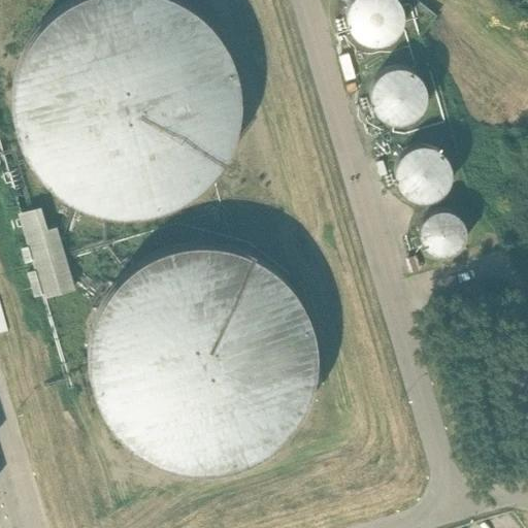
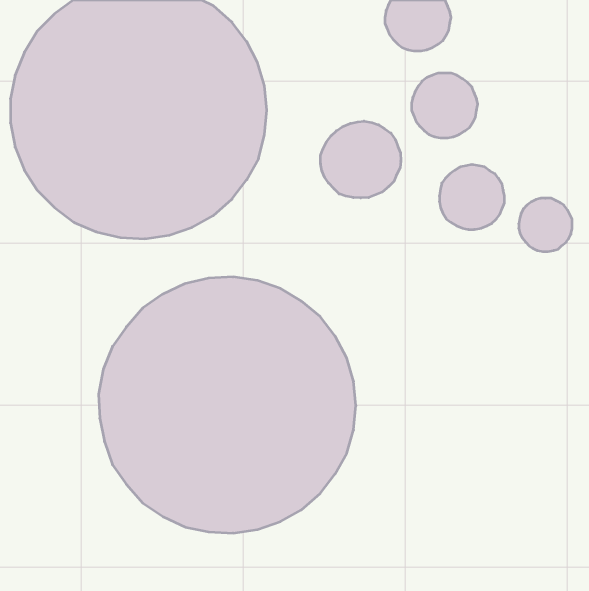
building: none -> [320,121,401,198]
building: [22,207,75,298] -> none
building: [423,213,470,261] -> [519,198,572,252]

